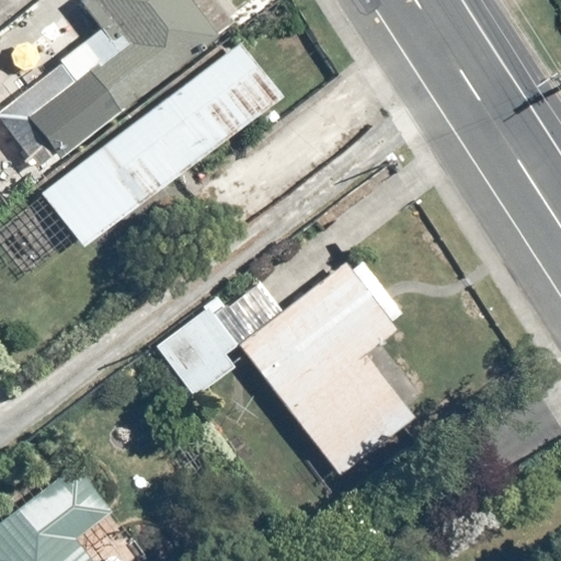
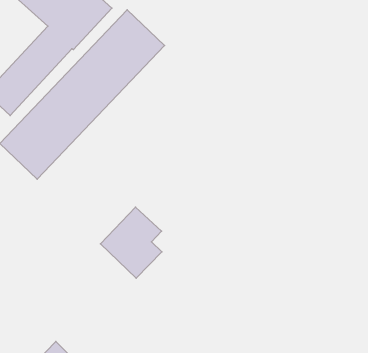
building: [241,263,412,473] -> none

